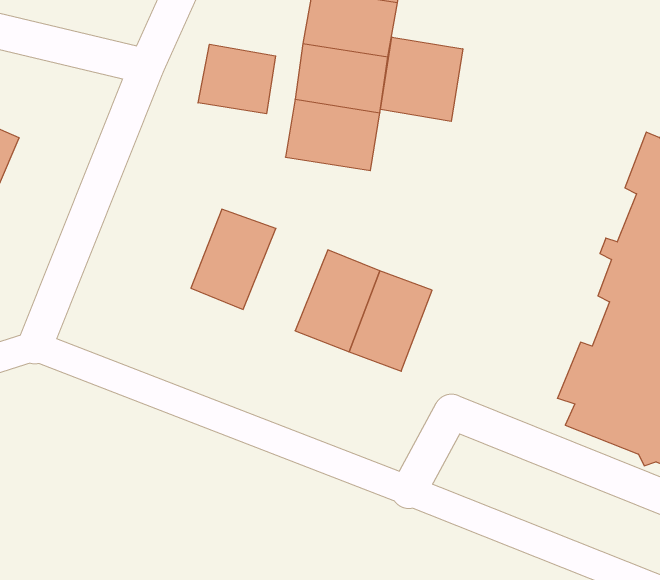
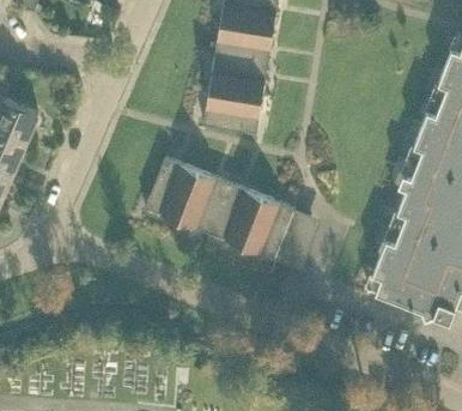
building: [380,37,463,121] -> none
building: [198,44,276,114] -> none
building: none -> [177,171,230,235]

